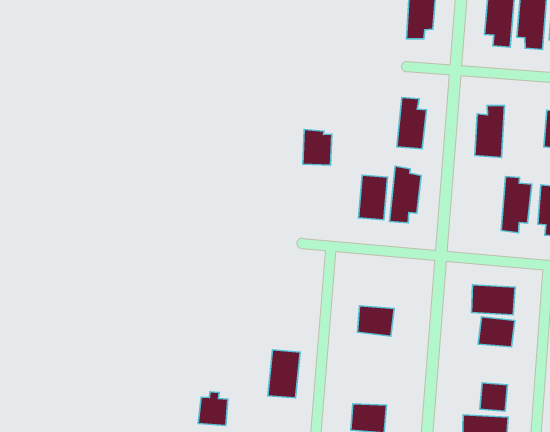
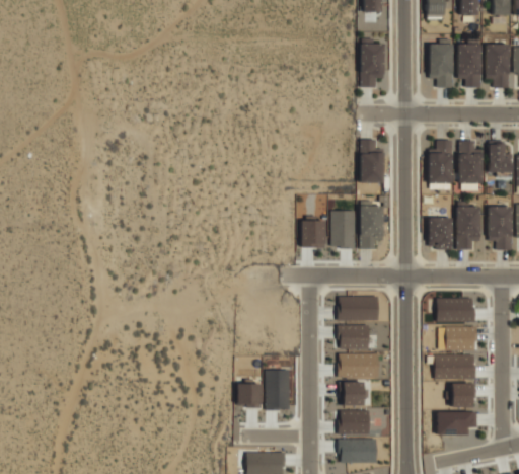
building: none -> [459,140,484,183]
building: [303,129,332,165] -> [301,217,326,247]
building: none -> [430,217,453,247]
building: none -> [339,296,379,319]
building: none -> [340,352,379,377]
building: none -> [435,353,475,379]
building: none -> [344,381,368,405]
building: [198,392,228,426] -> [237,378,262,406]

